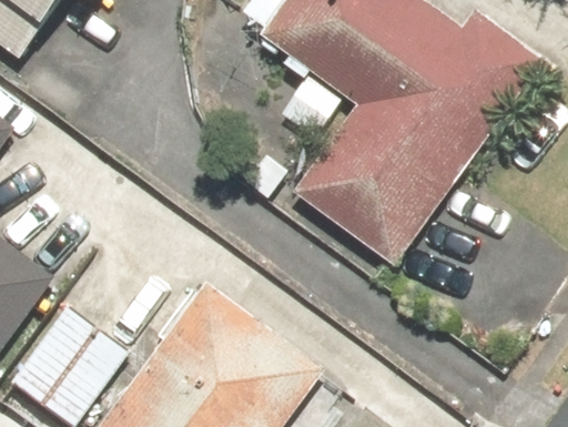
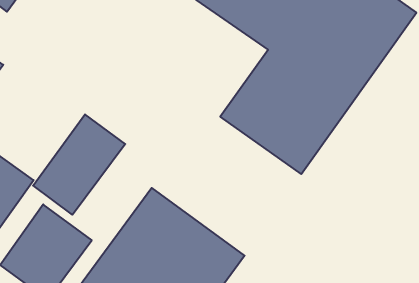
building: none -> [33,114,125,215]

